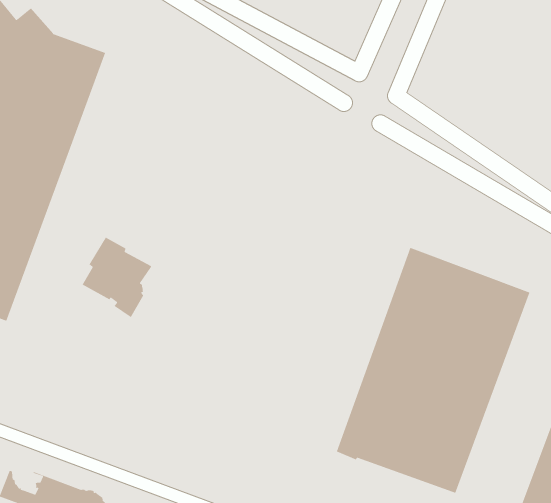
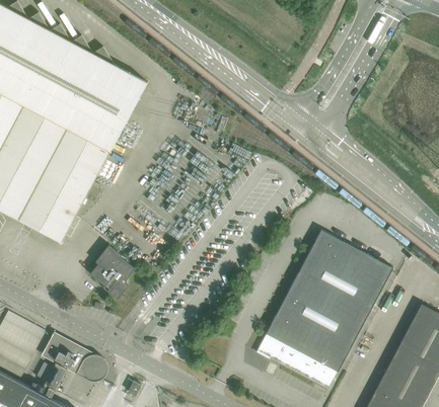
building: [81,236,152,318] -> [89,246,135,300]

